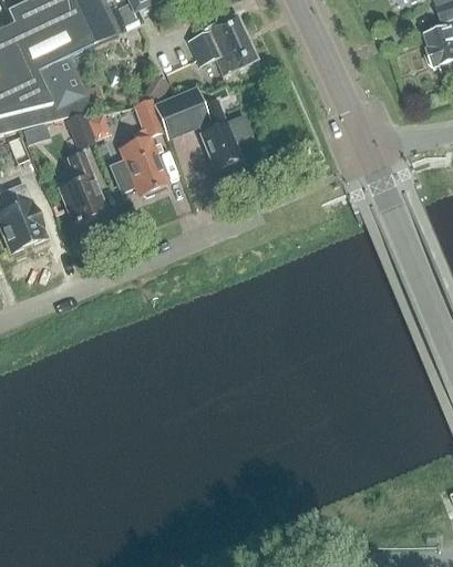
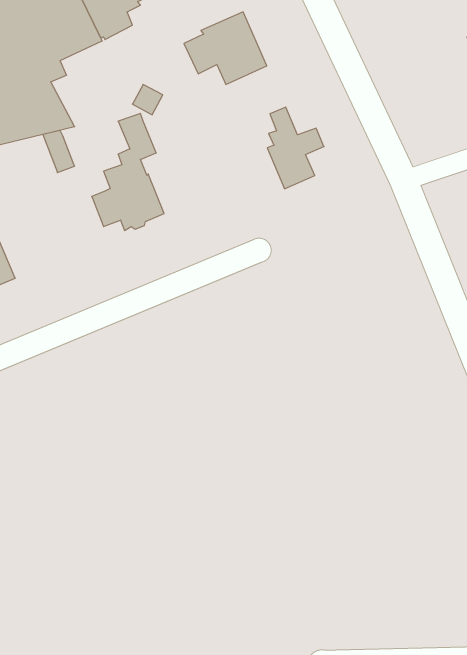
building: [153,85,202,133] -> none
building: [200,97,248,166] -> [267,107,324,189]
building: [60,150,103,223] -> none

